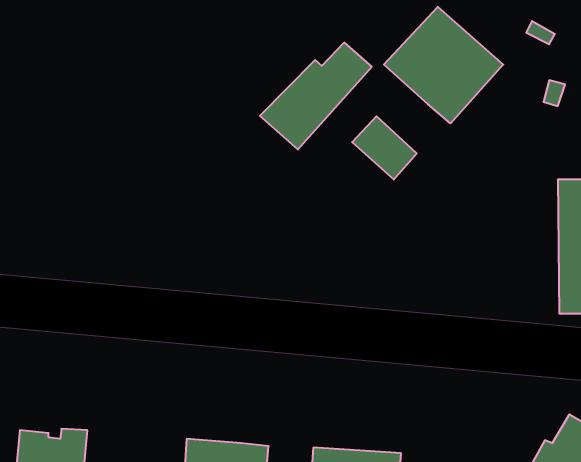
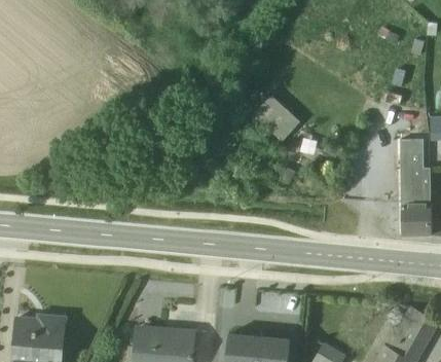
building: [384,7,503,123] -> none
building: [260,43,372,150] -> none

